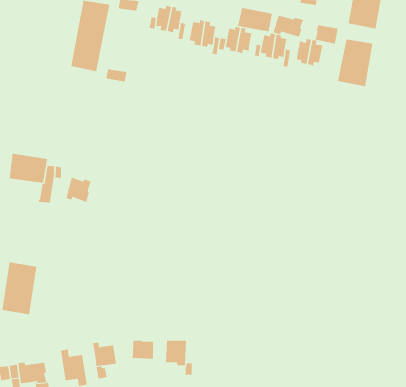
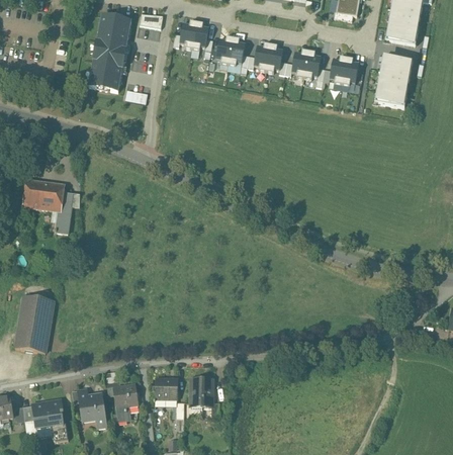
building: [237,7,272,32] -> none
building: [273,15,304,38] -> none
building: [313,24,338,45] -> none
building: [66,177,91,203] -> none

